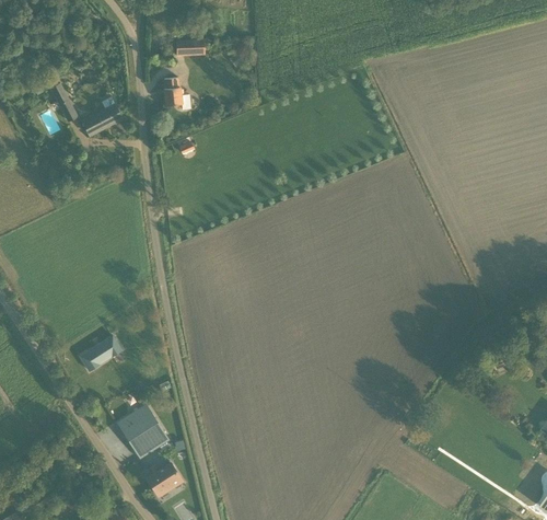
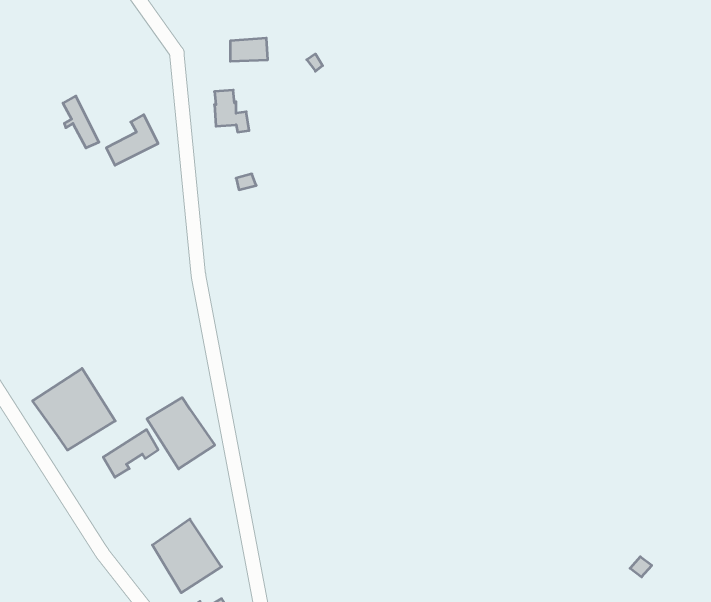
building: none -> [33,368,115,450]
building: none -> [147,398,215,469]

